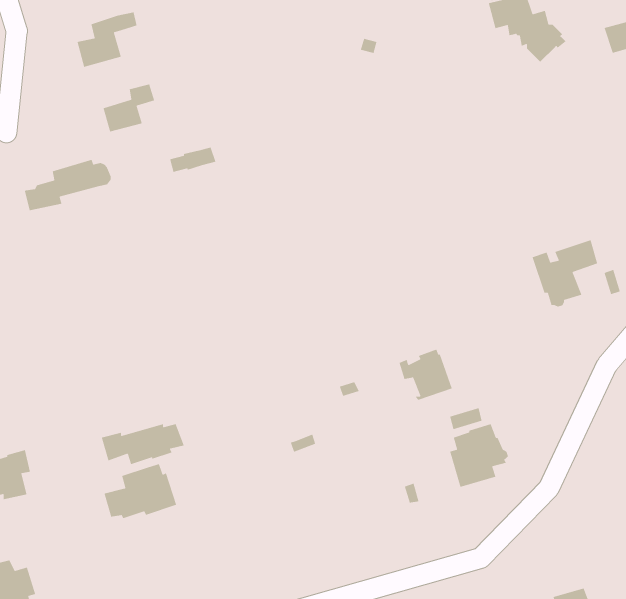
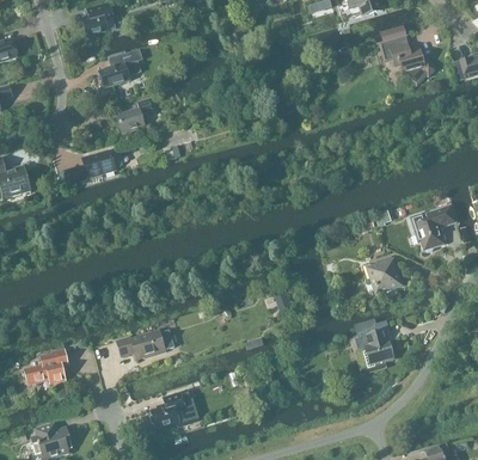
building: [398,348,453,401] -> [363,256,400,292]
building: [104,463,177,519] -> [151,390,201,428]

